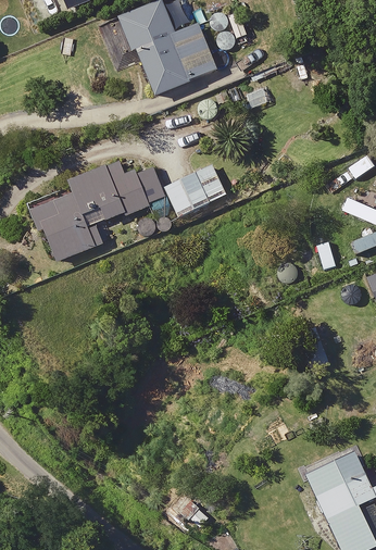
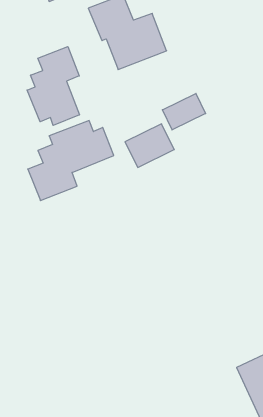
building: none -> [27,47,79,125]
building: none -> [162,93,206,130]

